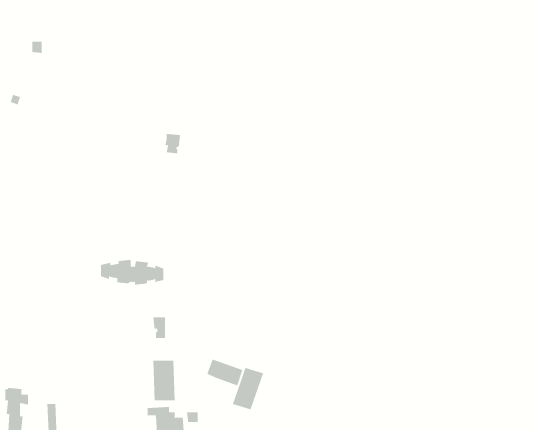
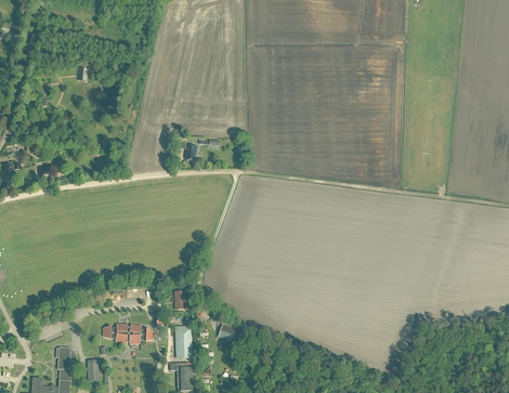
building: [99,259,165,285] -> [101,323,154,343]
building: [232,367,264,410] -> none

